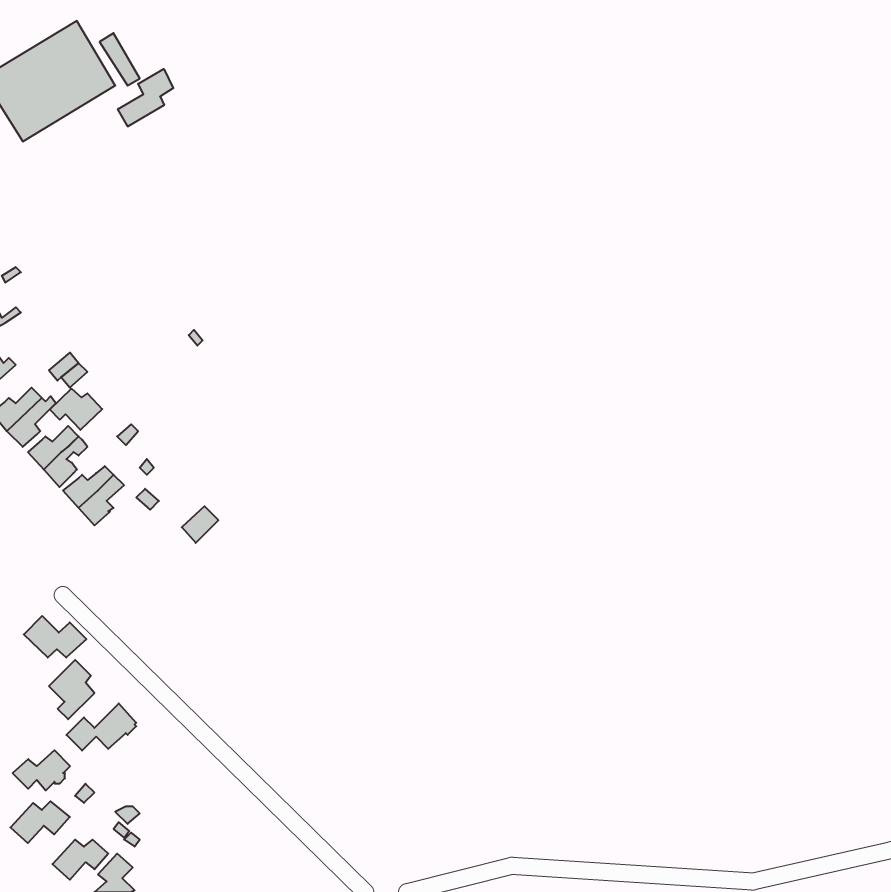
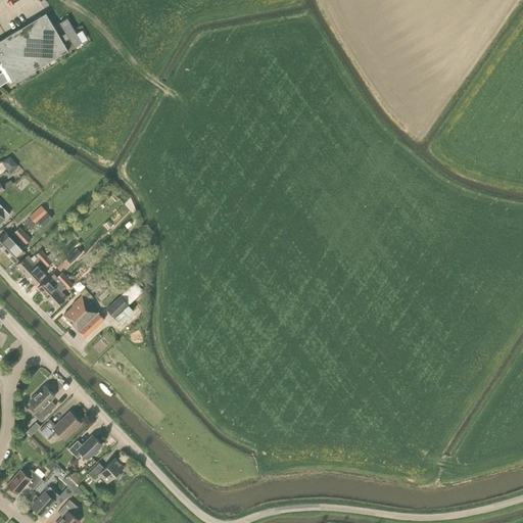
building: [118,69,173,127] -> none
building: [50,389,102,430] -> none
building: none -> [62,295,103,337]
building: [24,616,86,658] -> none
building: [13,750,70,790] -> [67,435,101,459]
building: none -> [87,458,123,482]

